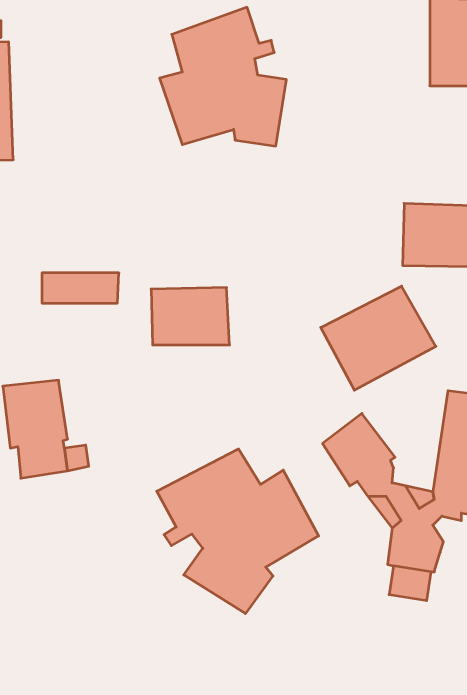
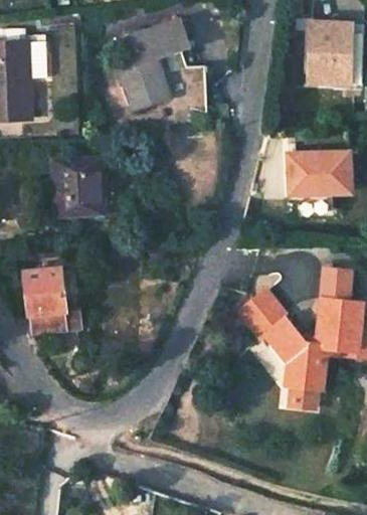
building: [321,286,436,390] -> none
building: [151,288,230,345] -> [51,157,104,195]
building: [157,449,319,614] -> none

